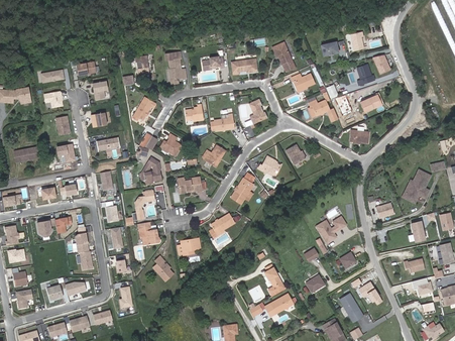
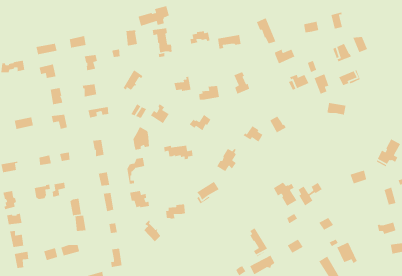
building: none -> [137,5,170,27]
building: none -> [273,182,297,207]

